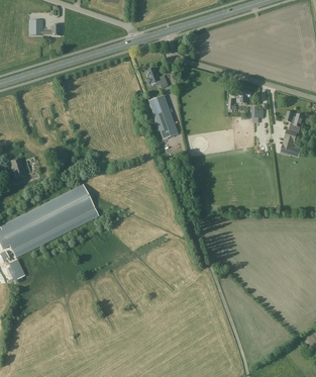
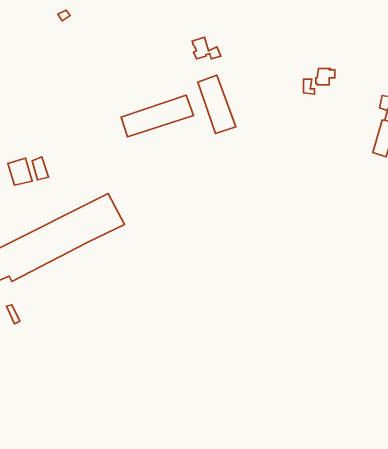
building: none -> [121,95,193,137]

